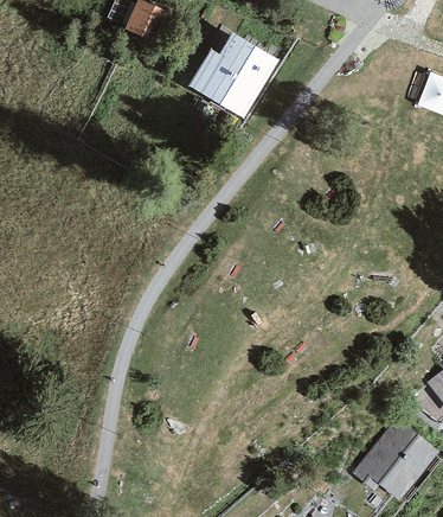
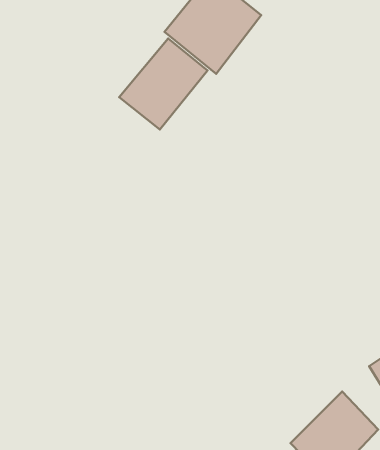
building: none -> [119,38,208,130]

